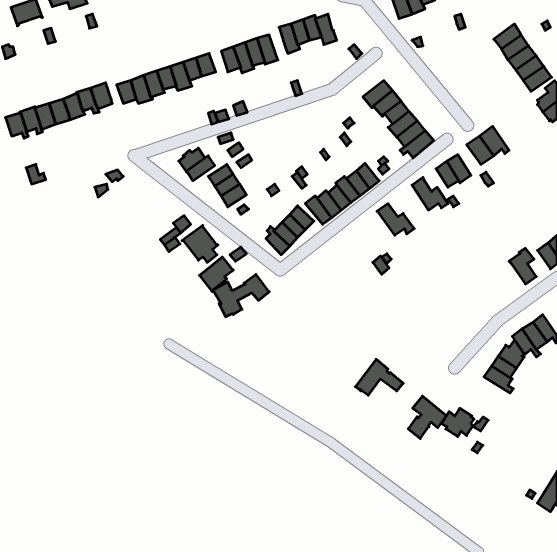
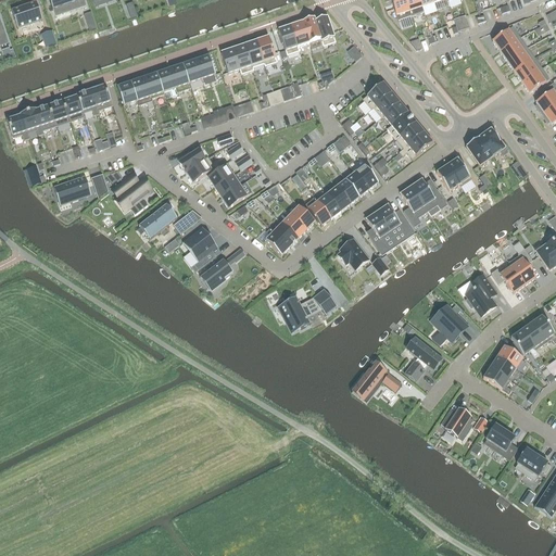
building: none -> [53,174,91,200]
building: none -> [111,176,151,213]
building: none -> [400,185,427,225]
building: none -> [138,202,177,237]
building: none -> [365,211,393,251]
building: none -> [337,237,369,268]
building: none -> [491,263,523,291]
building: none -> [465,273,496,315]
building: [211,274,269,317] -> [279,287,337,329]
building: none -> [434,304,467,341]
building: [408,396,446,439] -> [404,338,442,380]
building: none -> [485,422,518,459]
building: none -> [516,446,551,479]

